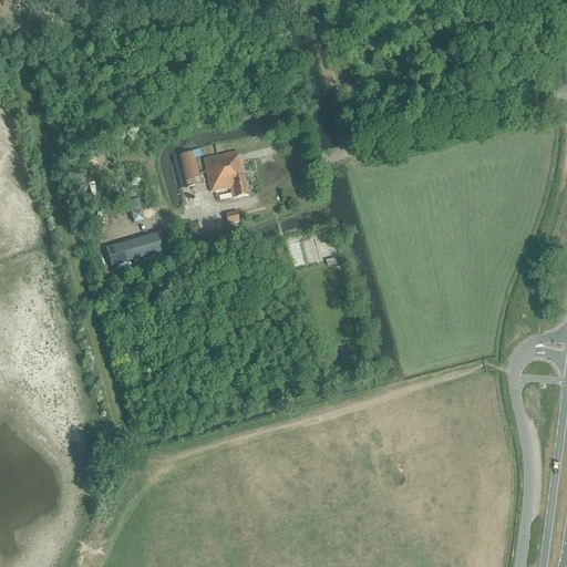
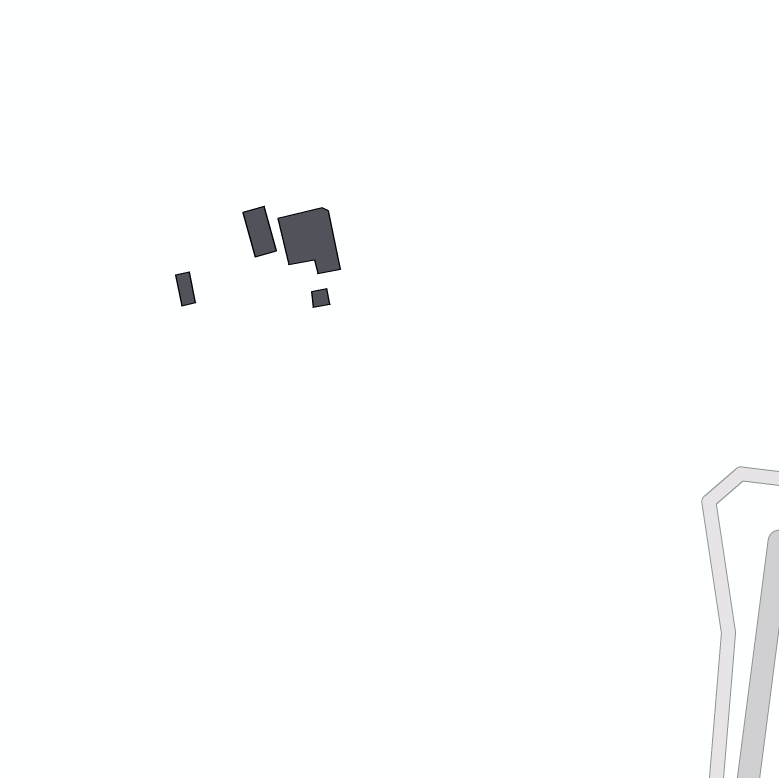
building: [105,231,163,265] -> none

